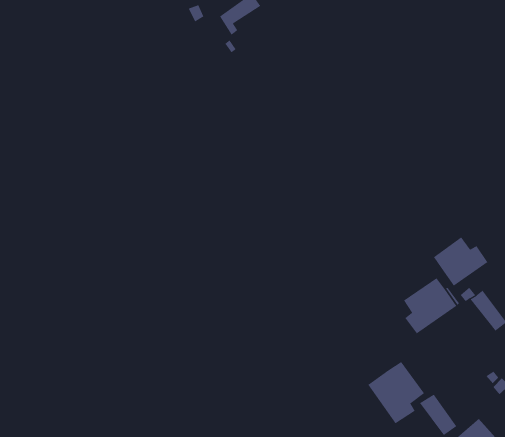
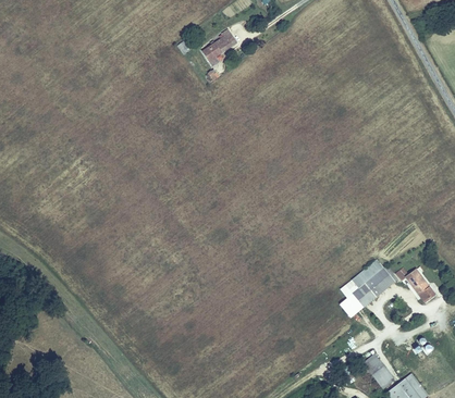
building: [433,236,488,287] -> none
building: [367,361,425,424] -> none

